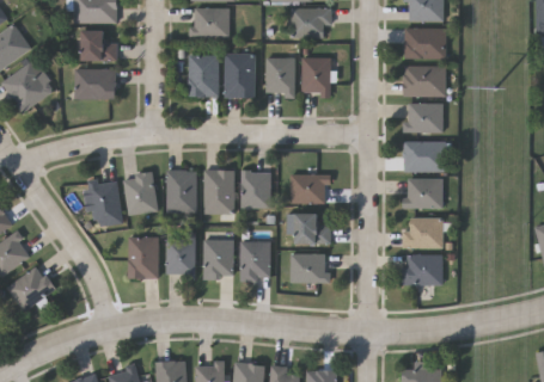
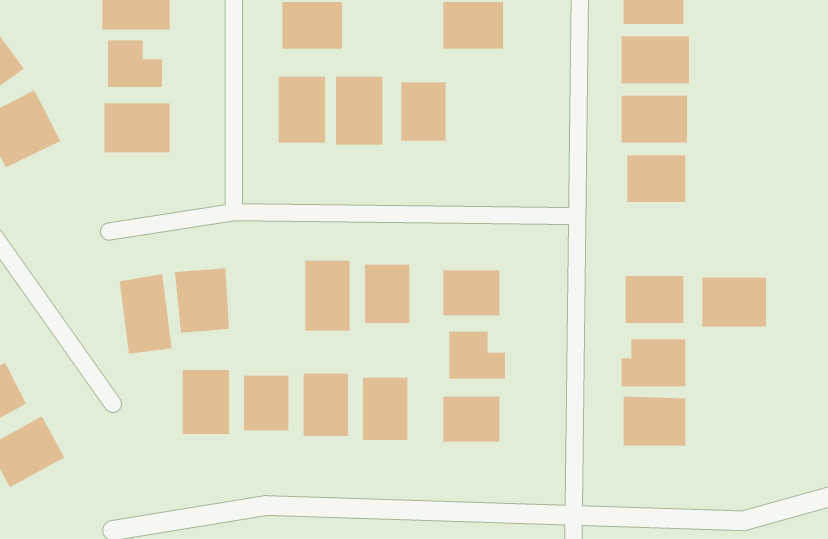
building: [300,57,329,93] -> none
building: [403,140,444,171] -> [702,277,767,327]
building: [166,170,196,212] -> none

